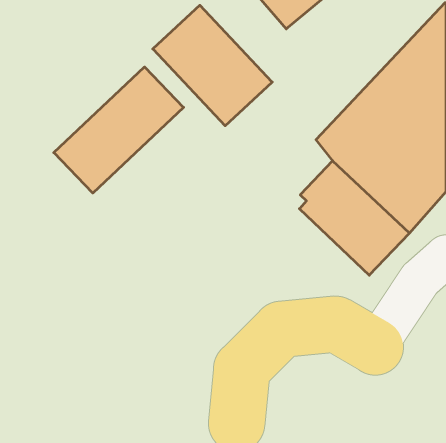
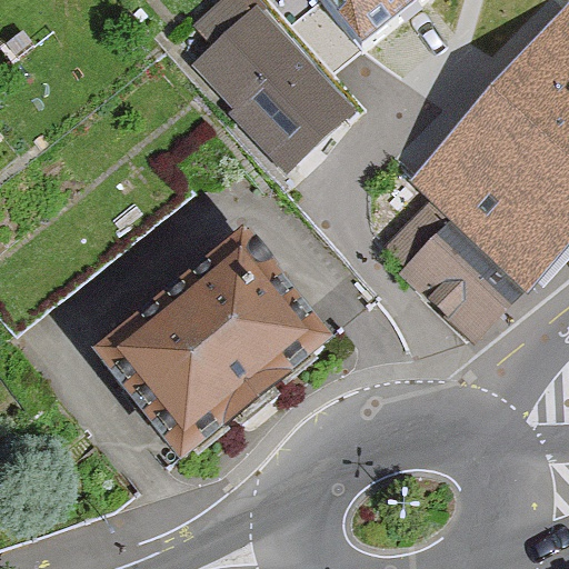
building: [54,67,184,193] -> none
building: none -> [101,232,322,443]

